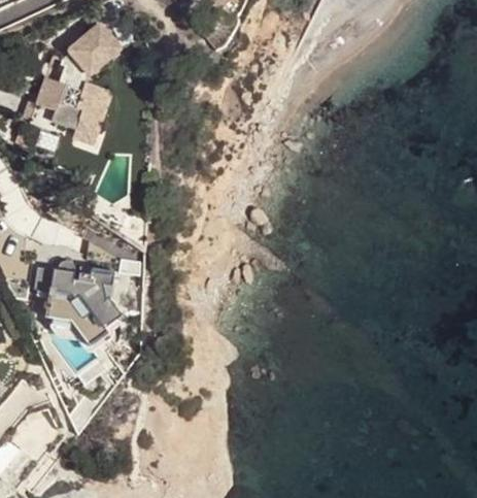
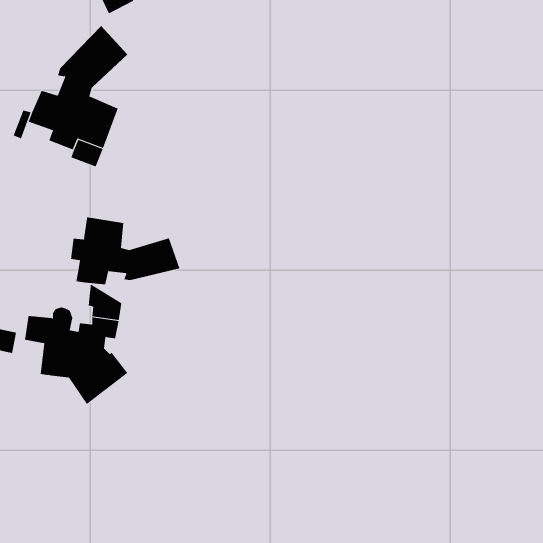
building: none -> [70,217,180,285]

